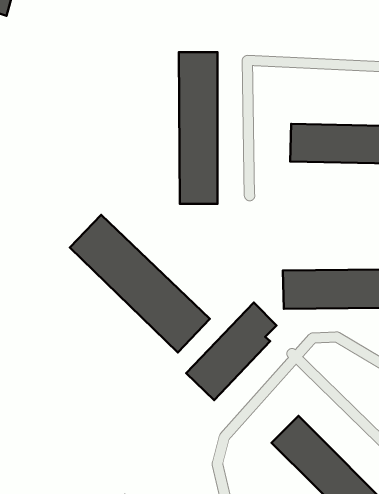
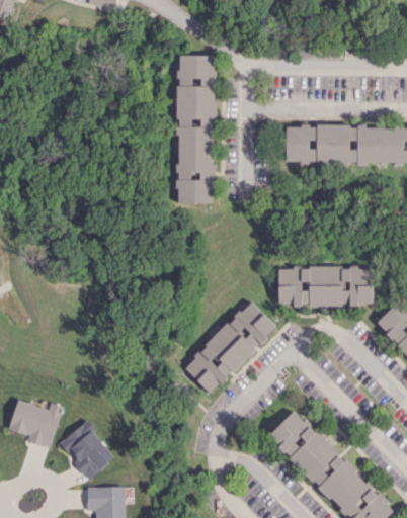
building: [70,215,210,352] -> none
building: none -> [8,400,62,448]
building: none -> [60,421,114,480]

